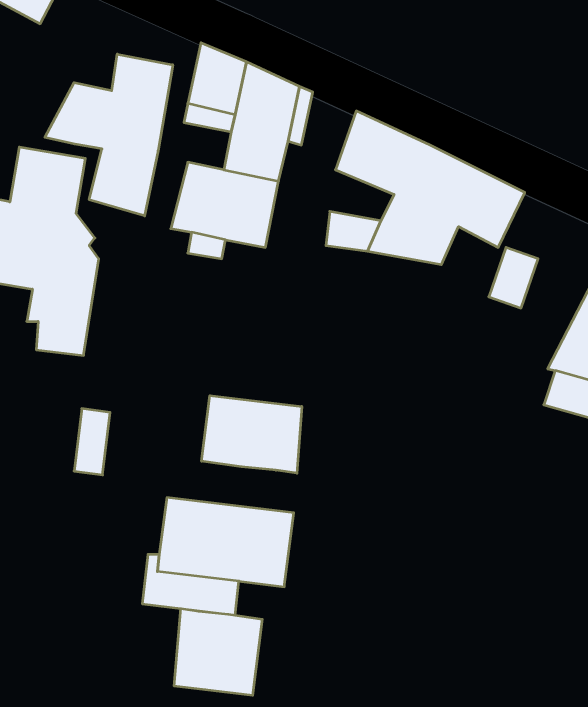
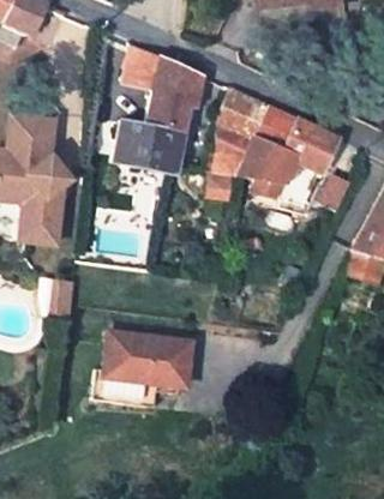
building: [45,54,173,216] -> none
building: [202,396,302,473] -> none
building: [174,609,262,695] -> none

